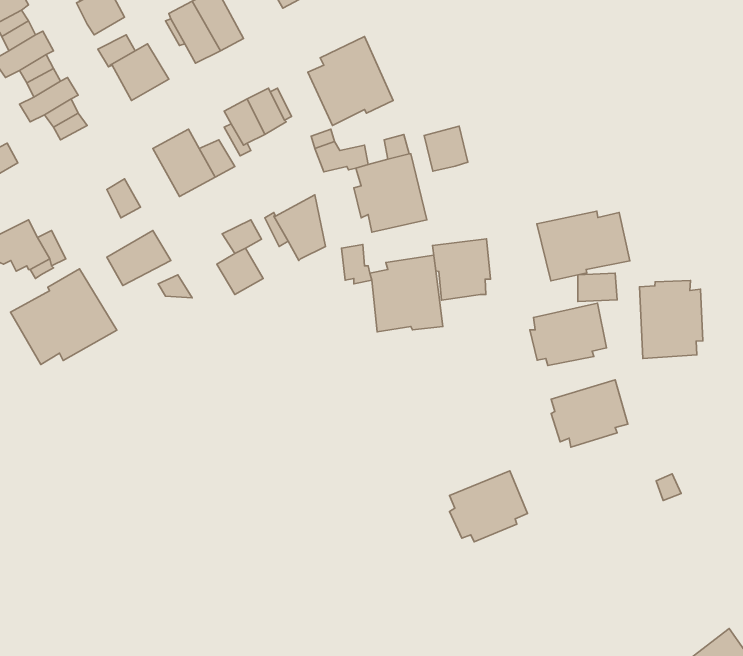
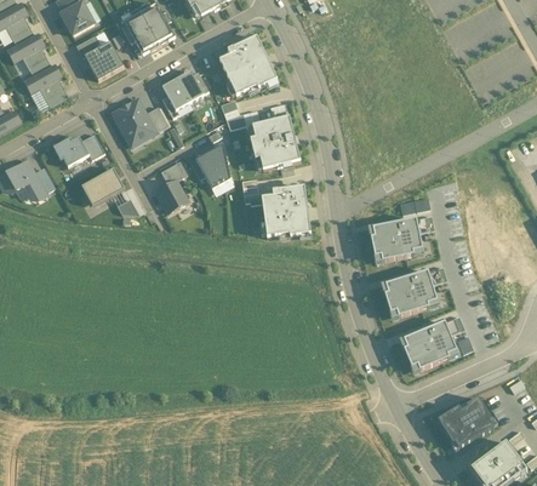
building: [424,126,468,171] -> none
building: none -> [52,135,88,165]
building: [537,211,630,281] -> none
building: [433,239,491,300] -> none
building: [11,269,117,364] -> none
building: [639,280,703,358] -> none
building: [449,471,528,542] -> [402,320,456,368]
building: none -> [436,396,493,447]

